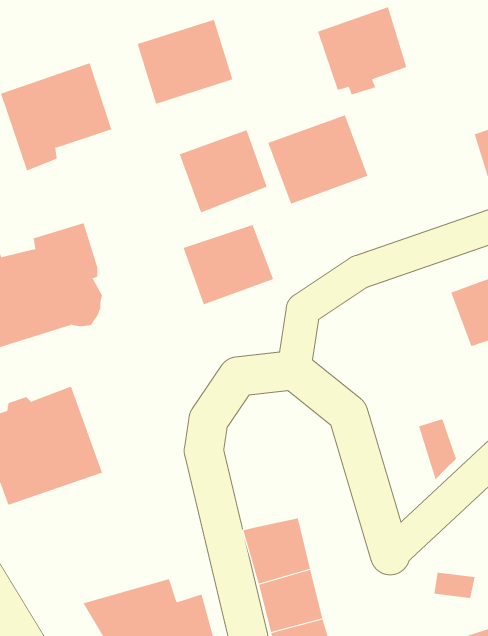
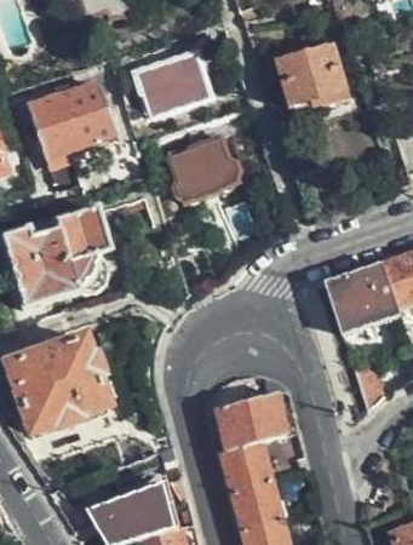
building: [268,114,368,204] -> none
building: [183,224,274,305] -> none
building: none -> [325,263,398,333]
building: none -> [217,390,287,446]

